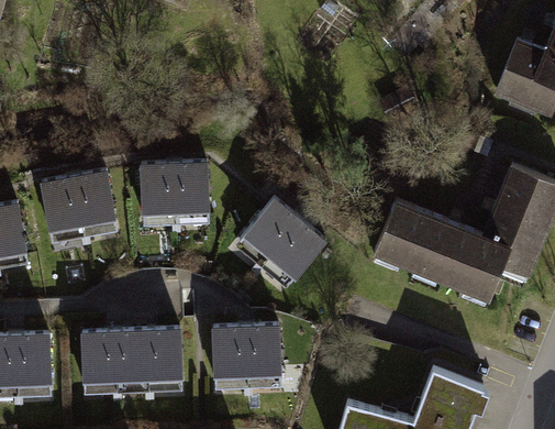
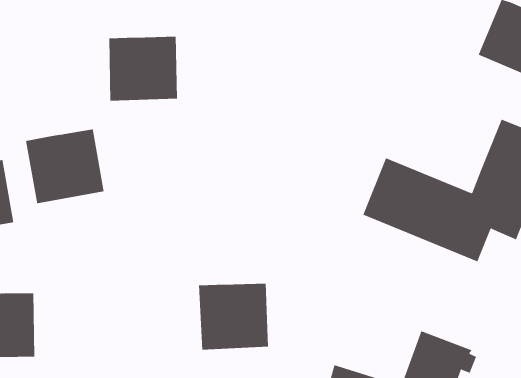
building: [140,158,209,223] -> [108,36,178,101]
building: [235,196,326,287] -> none
building: [81,328,181,394] -> none

